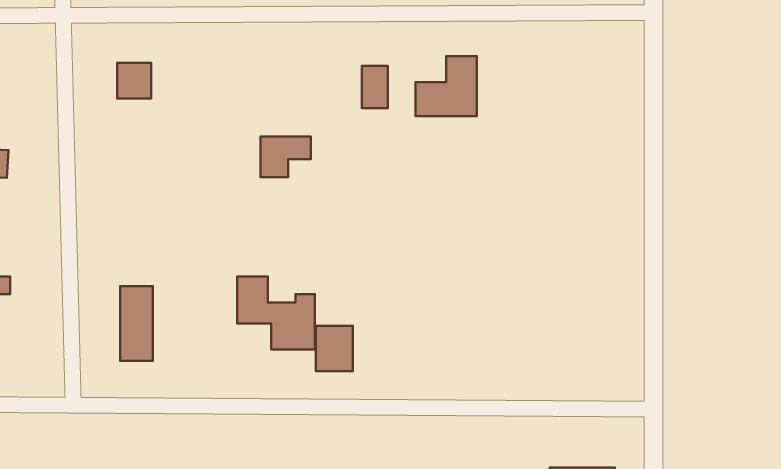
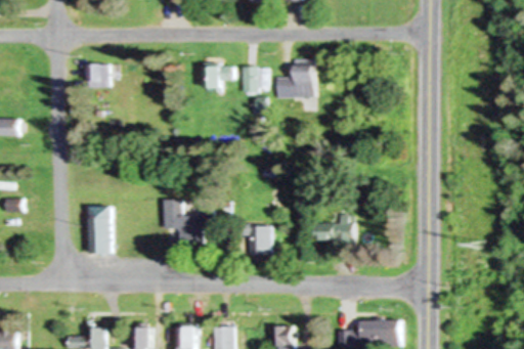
building: [261,137,311,177] -> [204,66,235,91]
building: none -> [315,213,354,241]
building: [316,326,353,371] -> [250,225,273,254]

